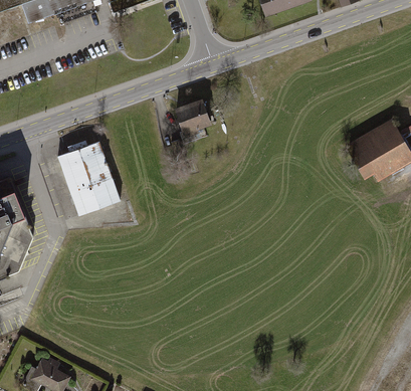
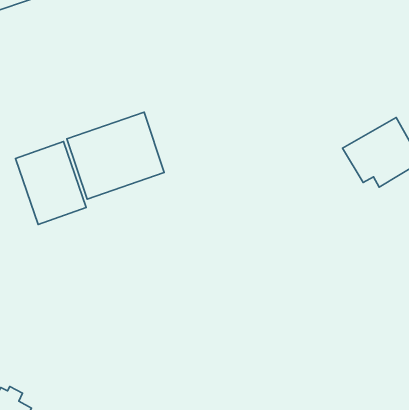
building: [174,99,210,134] -> none
building: none -> [67,112,164,199]

